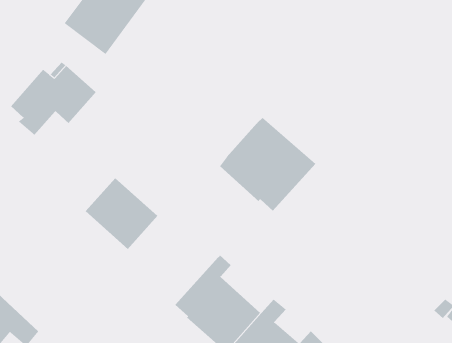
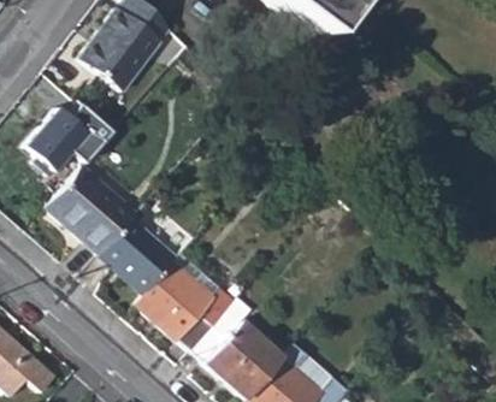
building: [219,117,316,212] -> [138,254,238,351]
building: none -> [47,166,137,255]

